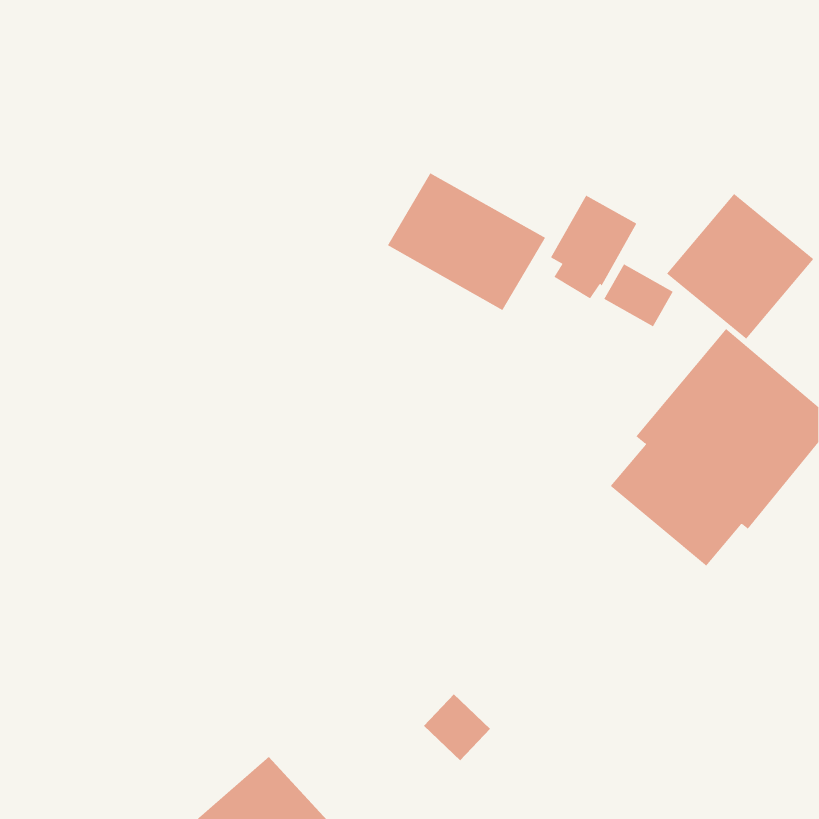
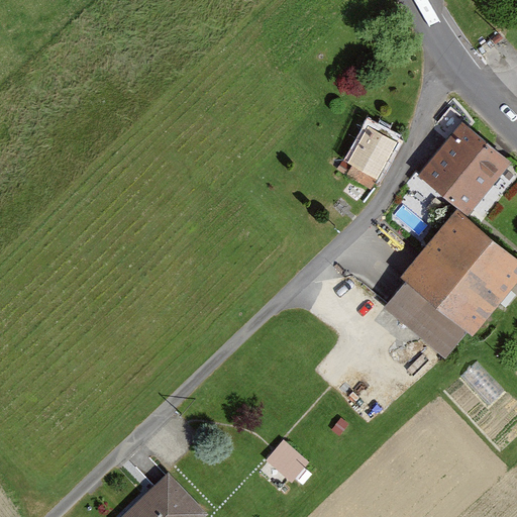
building: [387,172,546,311] -> none
building: [604,264,673,327] -> none

